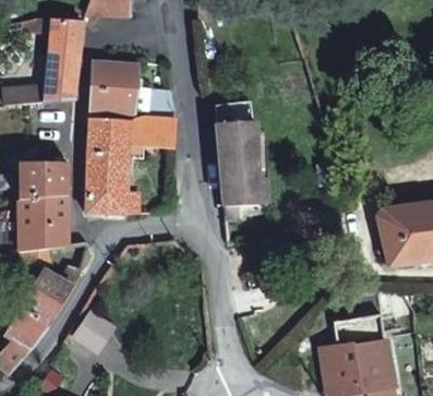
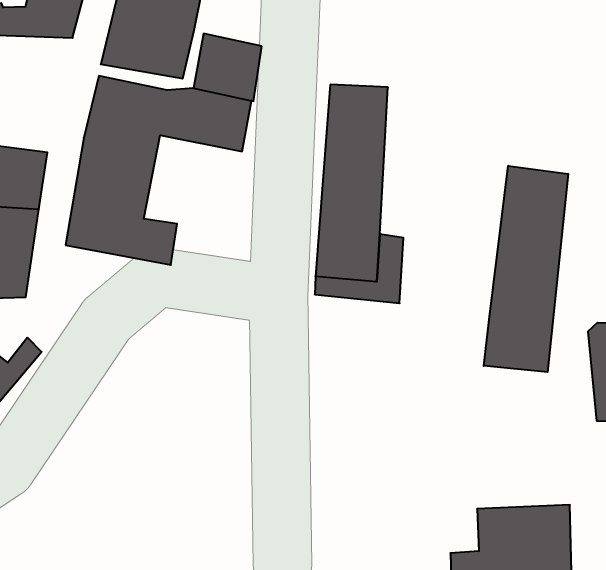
building: none -> [484,166,568,372]

